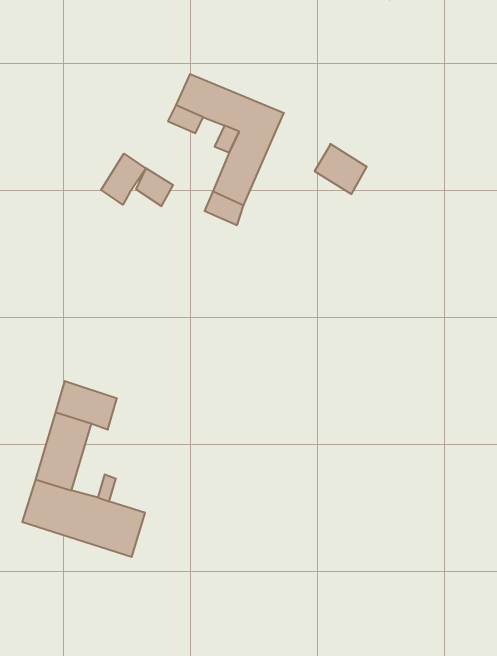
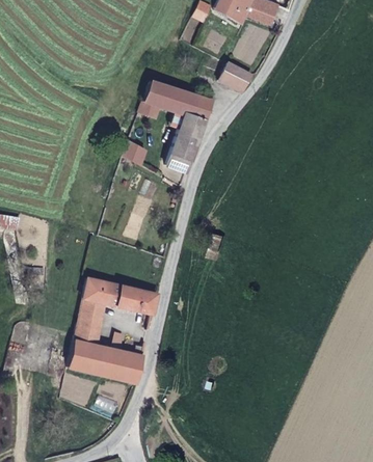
building: [315,144,367,194] -> [219,62,251,92]
building: [101,154,146,205] -> none
building: none -> [116,286,158,314]

